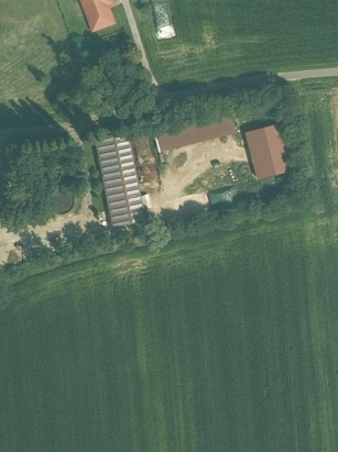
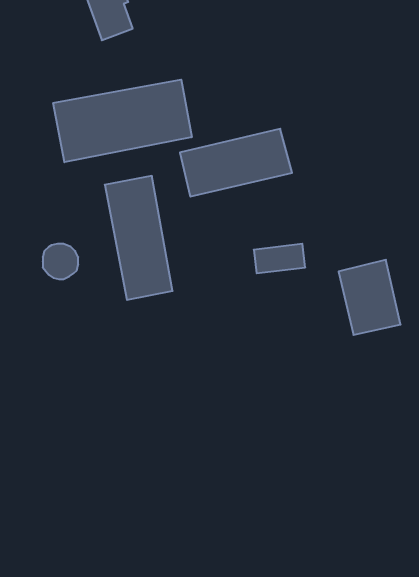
building: none -> [53,80,192,162]
building: [252,121,298,177] -> [339,260,401,335]

